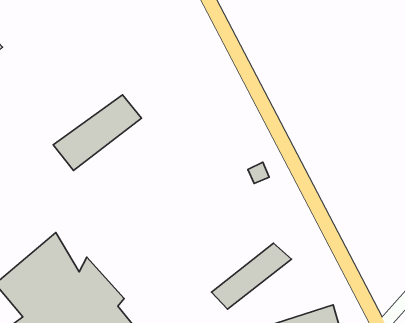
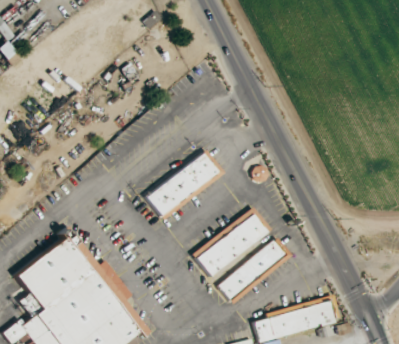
building: [53,95,142,170] -> [140,149,223,220]
building: none -> [194,213,267,273]

